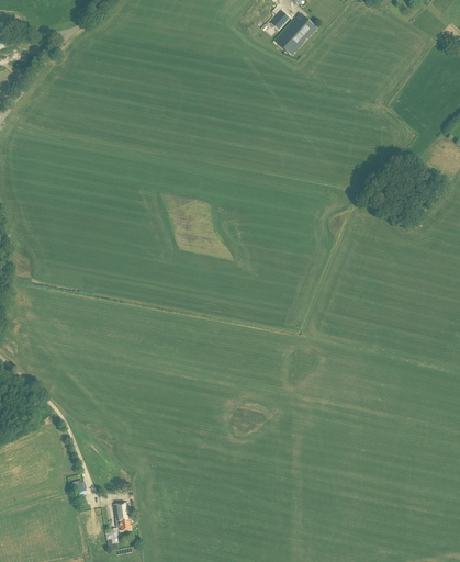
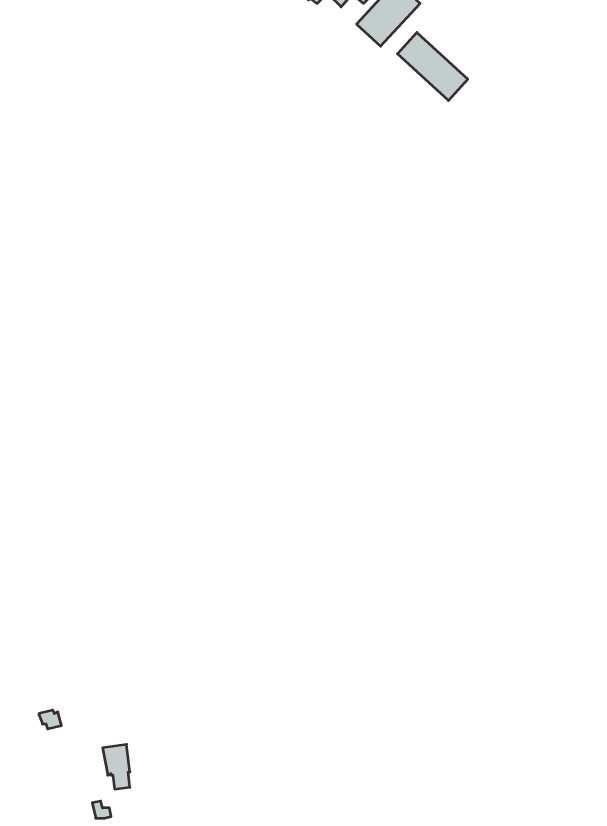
building: none -> [397,32,468,101]

